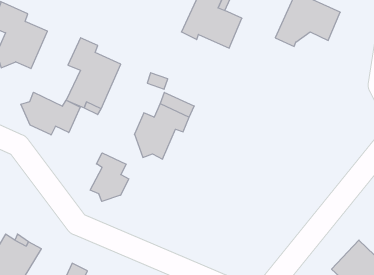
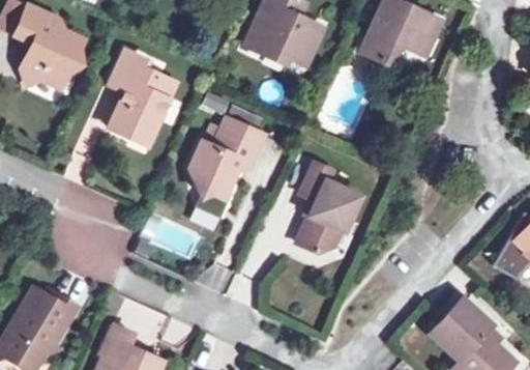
building: [21,92,80,135] -> none
building: none -> [292,158,359,247]
building: [90,153,129,201] -> none

